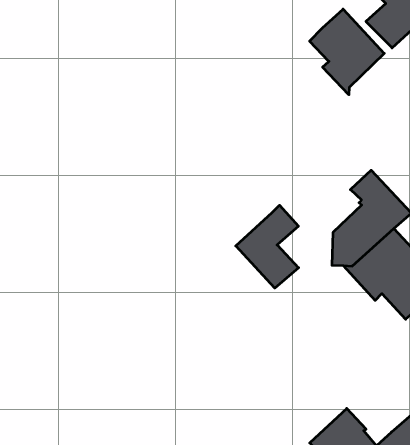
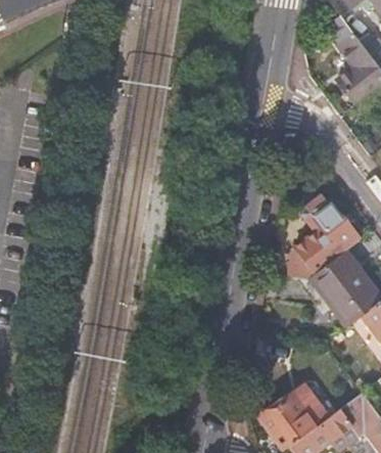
building: [310,9,384,95] -> none
building: [236,205,299,288] -> none

